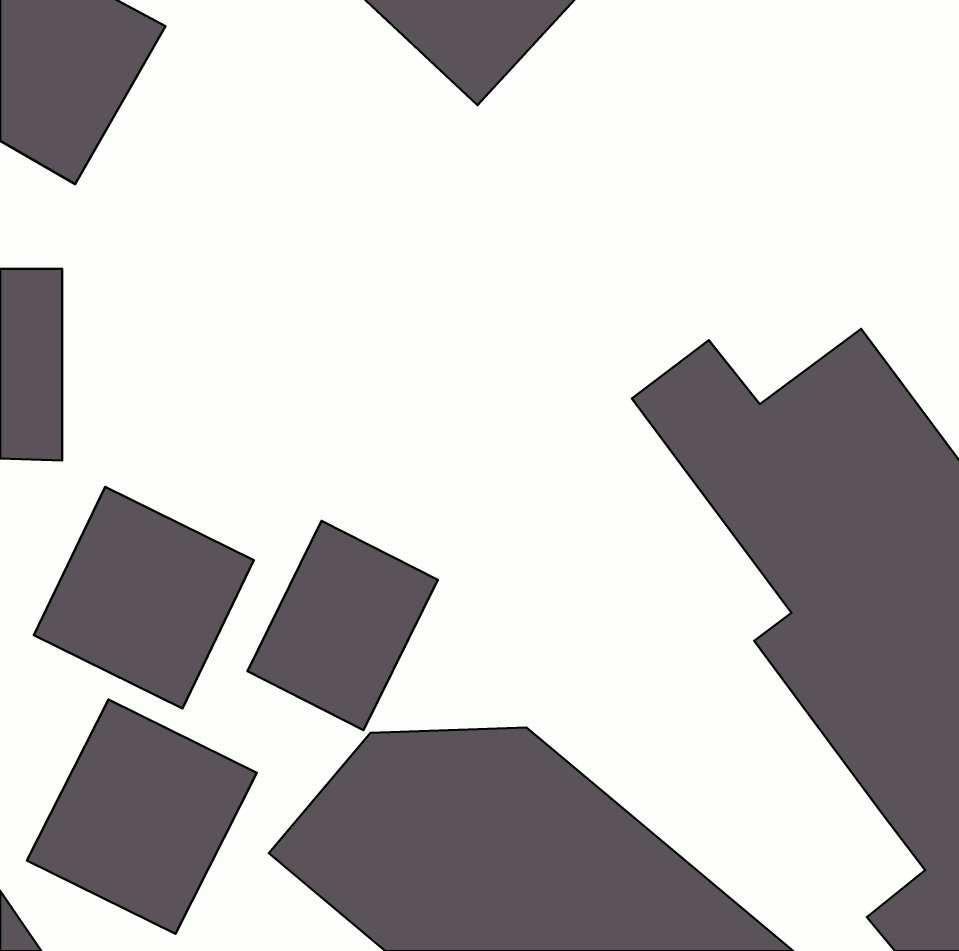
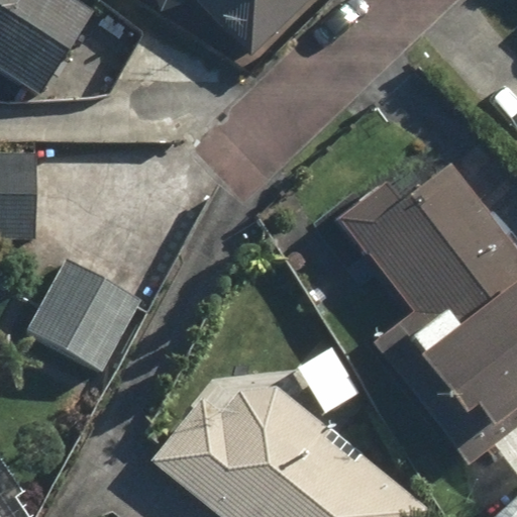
building: [247,521,438,730] -> none
building: [27,699,257,934] -> none

